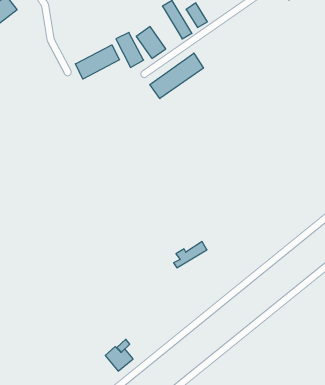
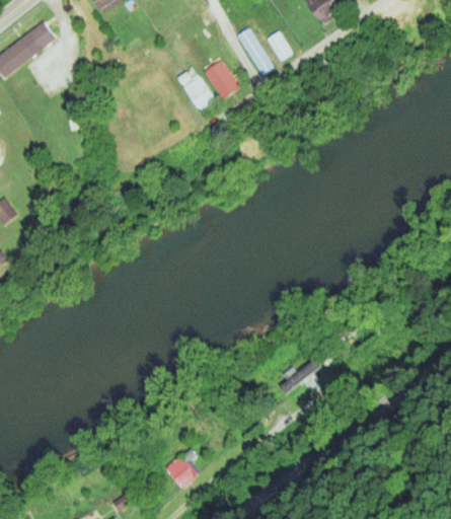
building: [75,45,120,79] -> none
building: [150,53,203,99] -> none
building: [174,242,207,268] -> [280,359,321,391]

